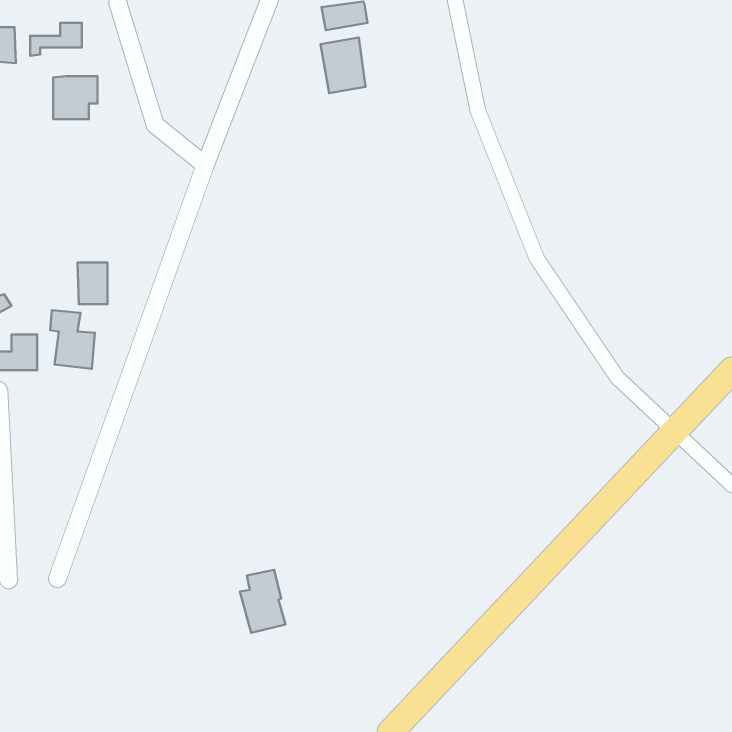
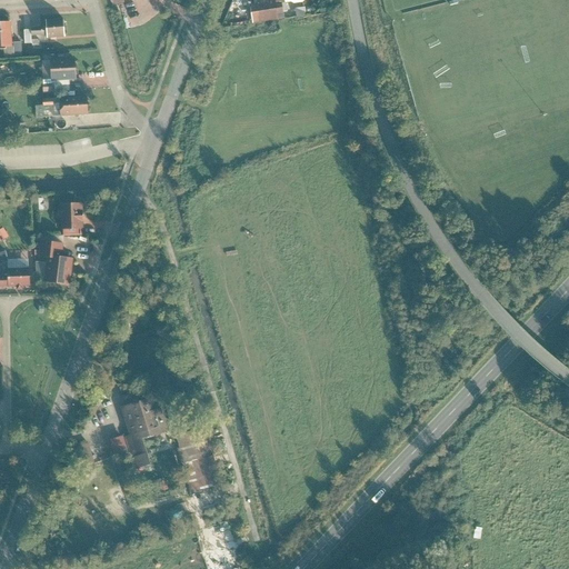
building: [321,37,366,93] -> none
building: none -> [36,97,89,117]
building: none -> [107,397,168,466]

